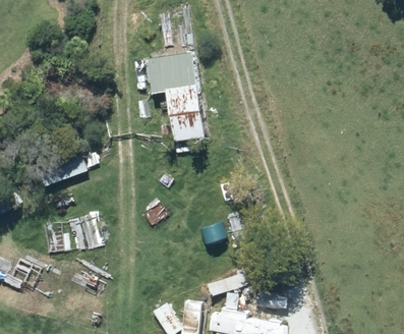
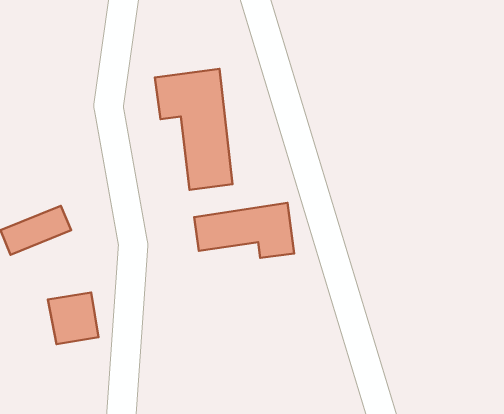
building: none -> [194,203,294,258]

